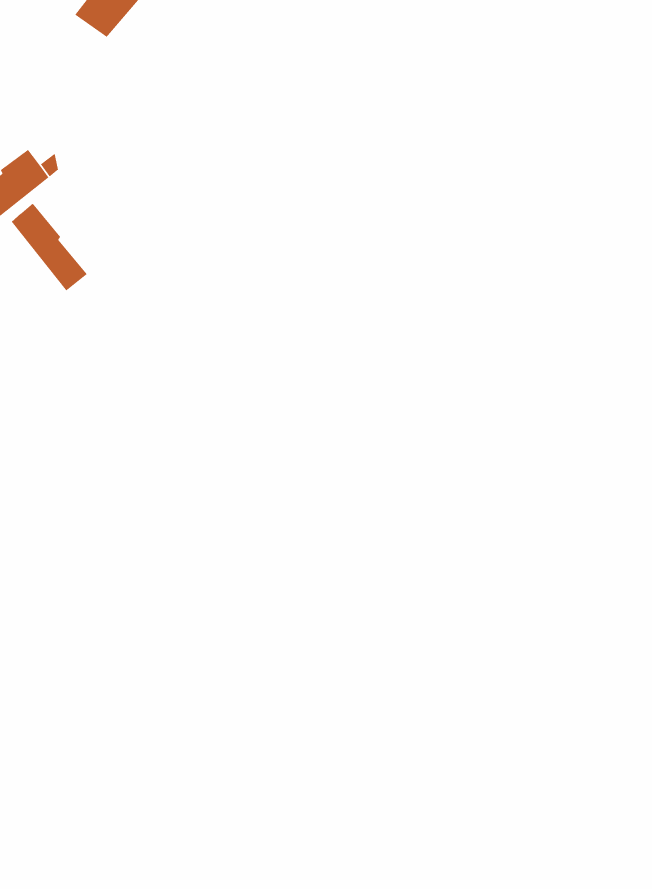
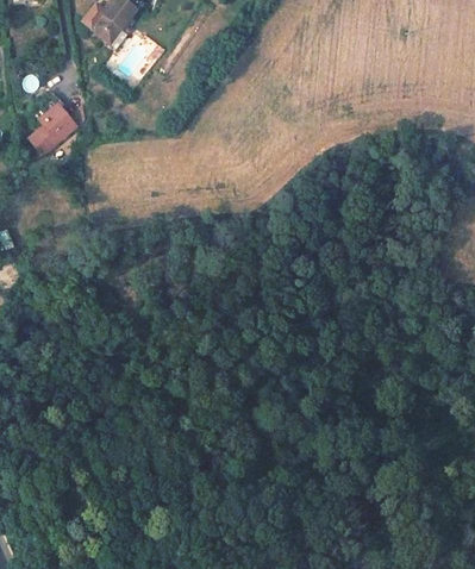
building: [11,202,88,292] -> none

